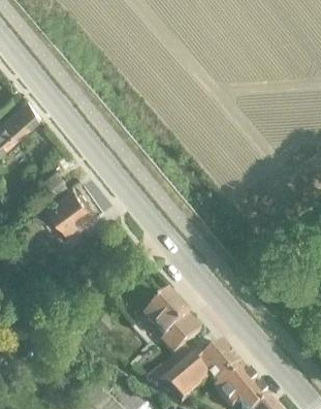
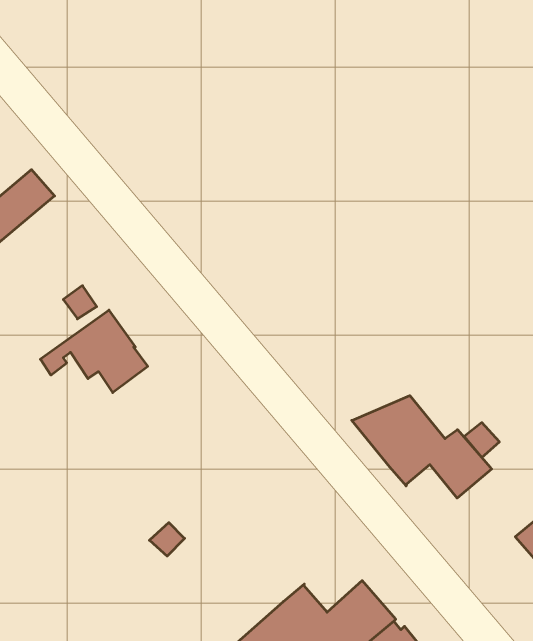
building: none -> [352,396,492,498]
building: [141,294,199,355] -> none

